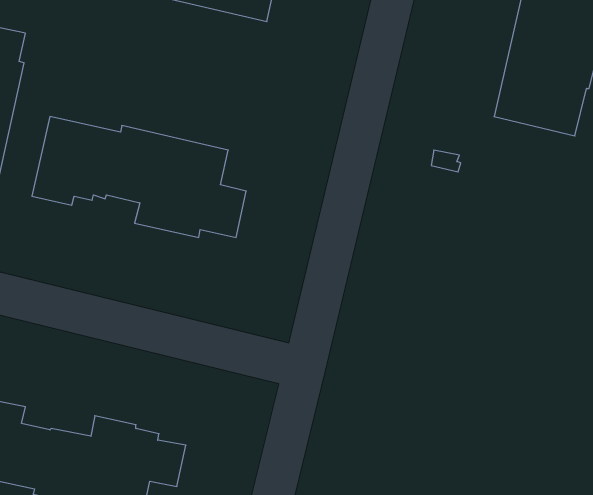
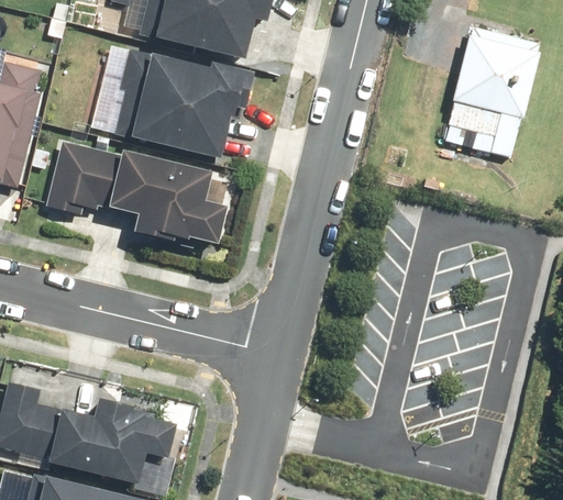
building: none -> [113,46,255,159]

